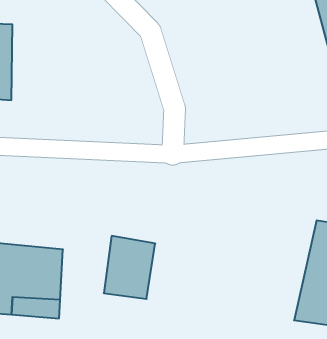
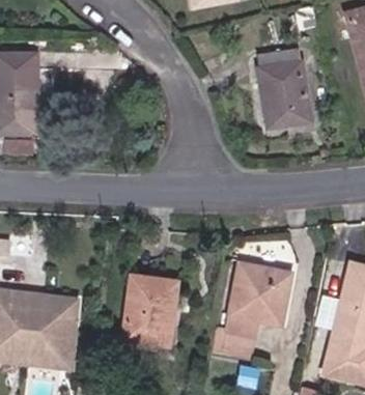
building: none -> [252,51,311,132]
building: none -> [225,272,292,360]

